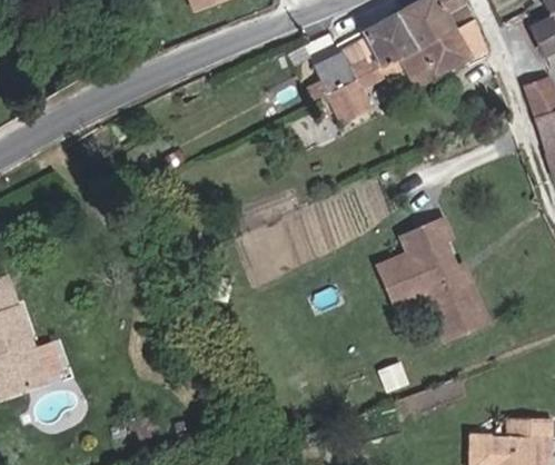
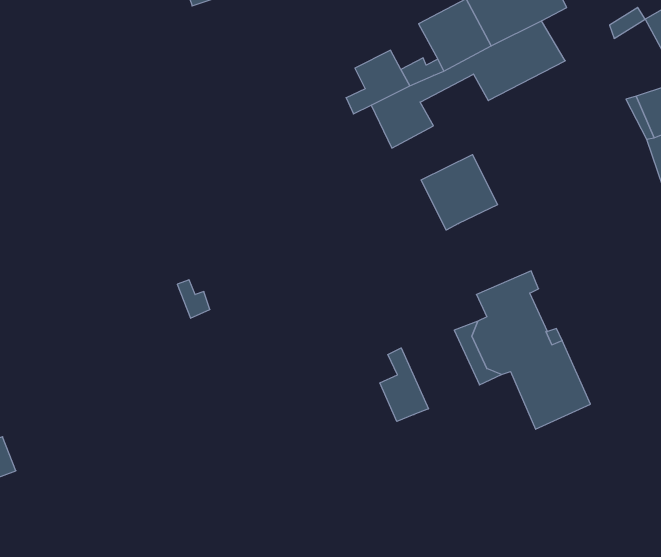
building: none -> [421,155,497,230]
building: none -> [380,348,428,421]

